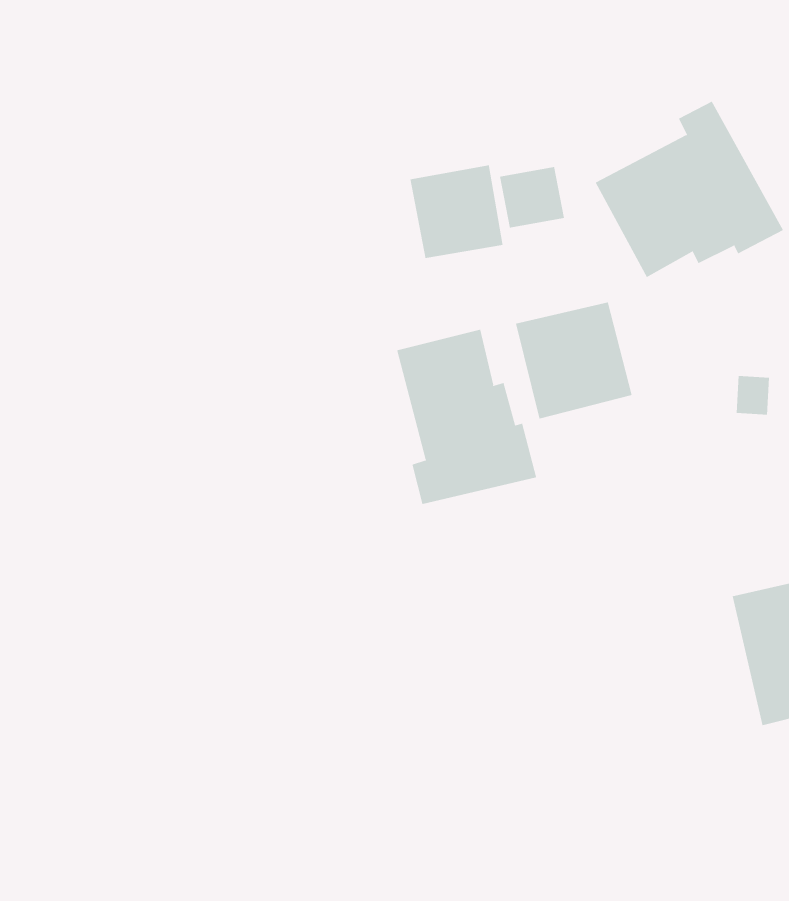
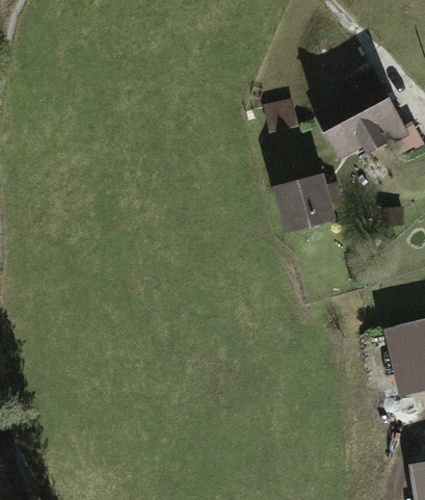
building: [410,165,503,259] -> none
building: [396,329,537,505] -> none

